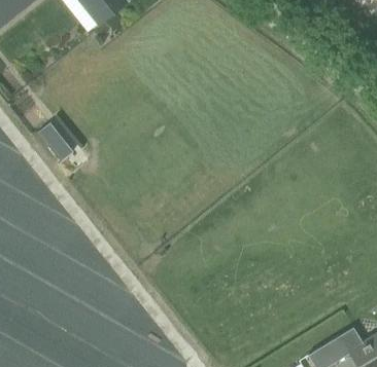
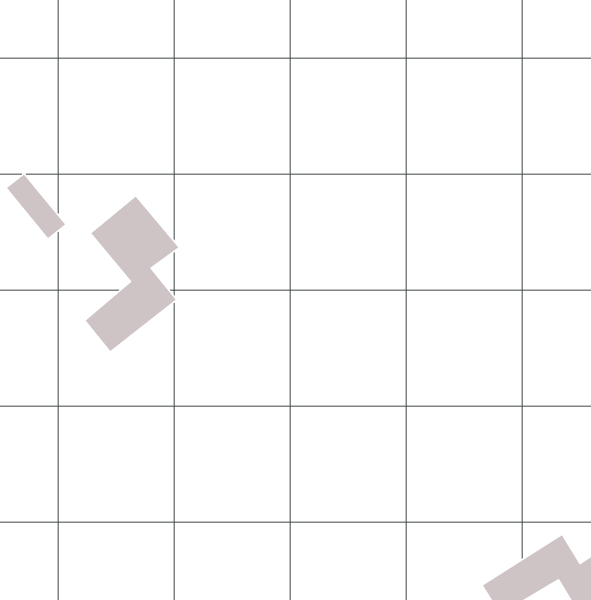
building: none -> [85,196,180,352]

